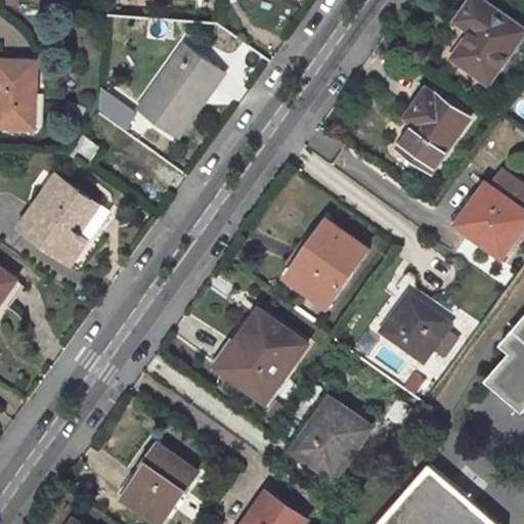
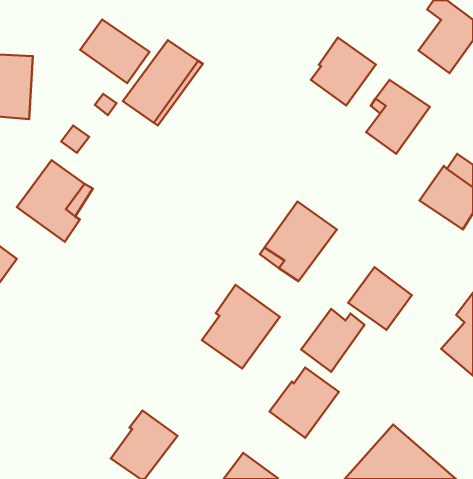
building: none -> [80,20,150,83]
building: none -> [311,38,376,106]
building: none -> [301,309,365,372]

